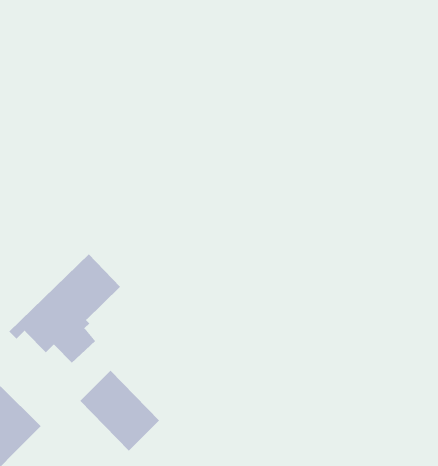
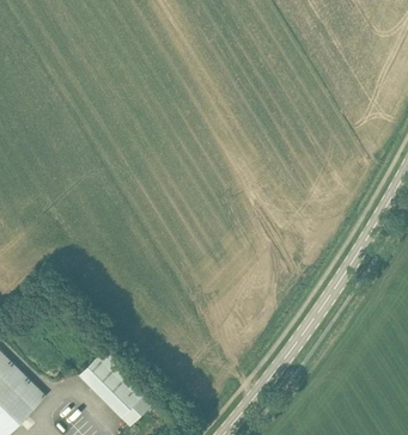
building: [9,254,121,364] -> none

